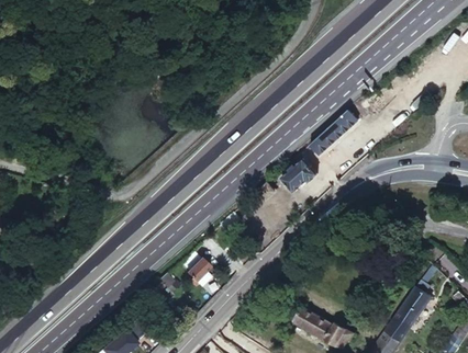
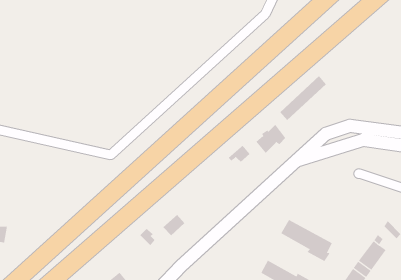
building: none -> [281,219,332,262]

